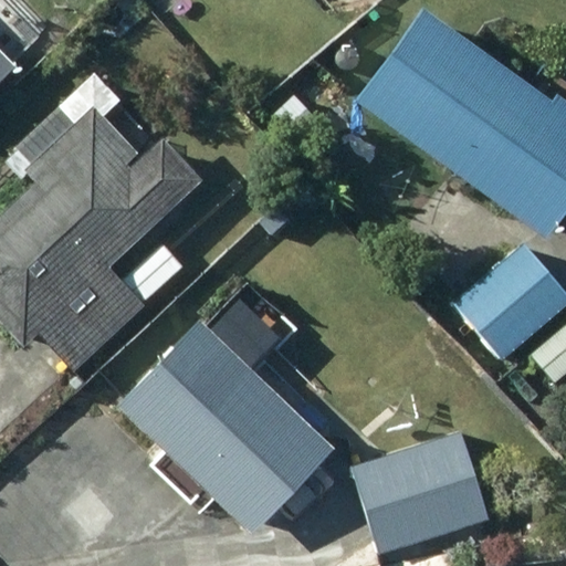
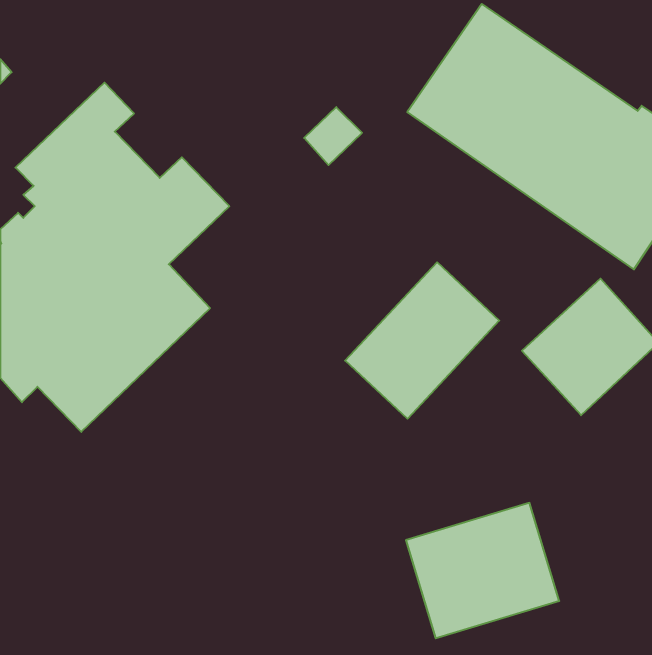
building: none -> [345,262,499,419]
building: [116,319,332,532] -> none

